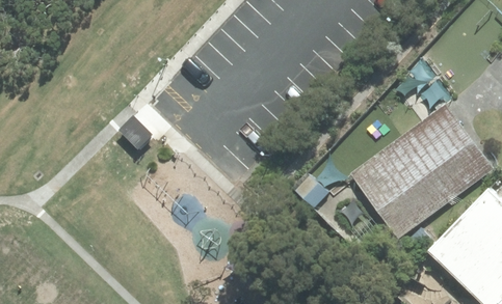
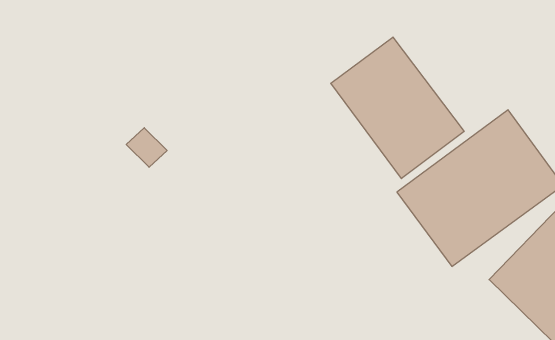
building: none -> [331,37,464,179]

